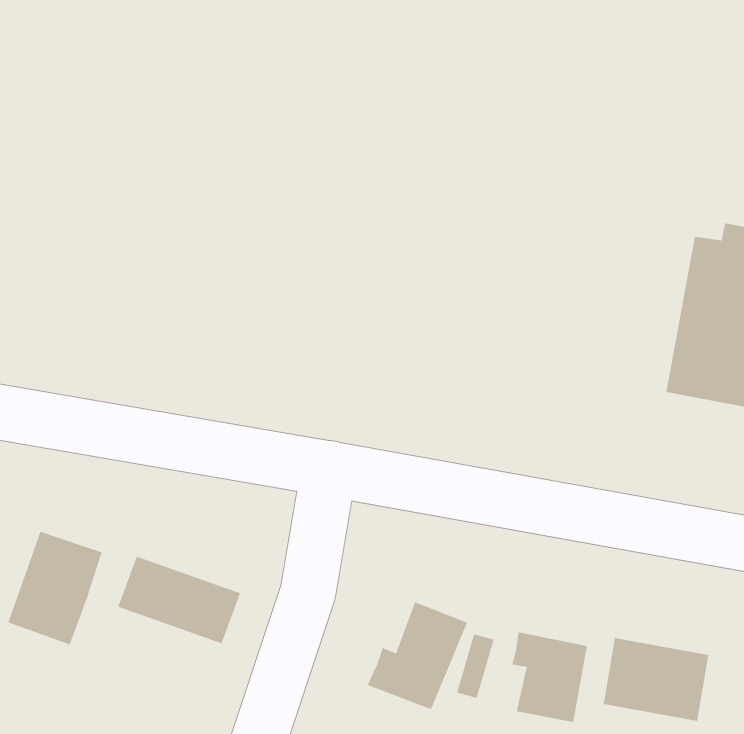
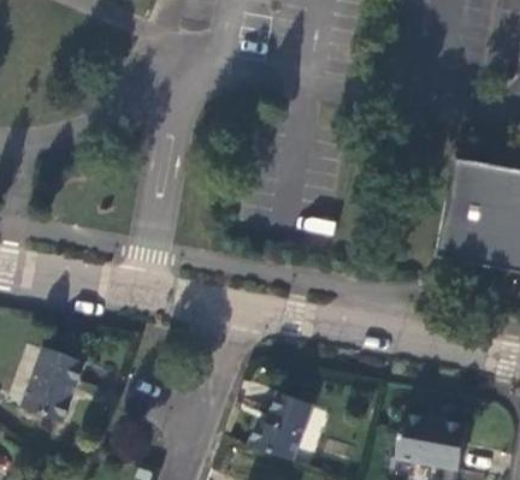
building: [118,556,241,644] -> none
building: [512,631,588,723] -> none

